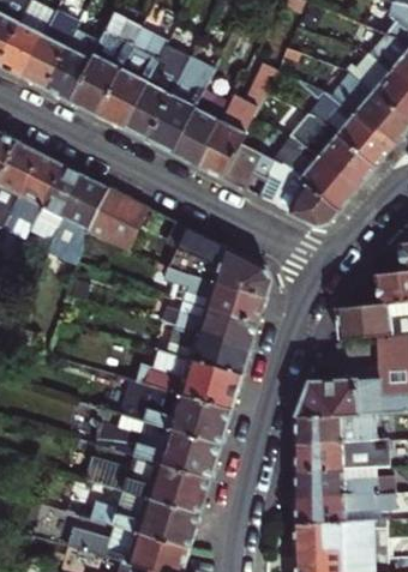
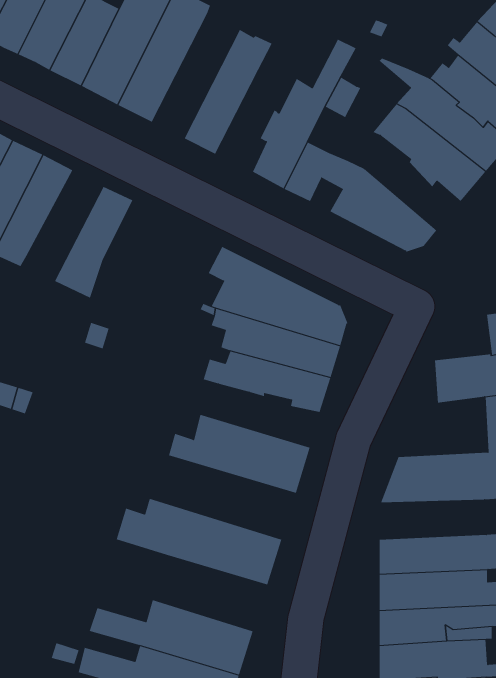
building: [124,46,190,140] -> none
building: [172,89,229,165] -> none
building: [272,134,358,210] -> none
building: [29,164,86,248] -> none
building: [86,187,149,251] -> none
building: [168,326,251,374] -> none
building: [118,378,233,444] -> none
building: [295,414,377,444] -> none
building: [86,456,211,513] -> none

